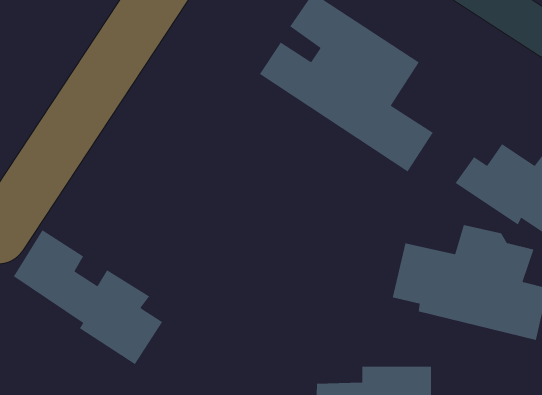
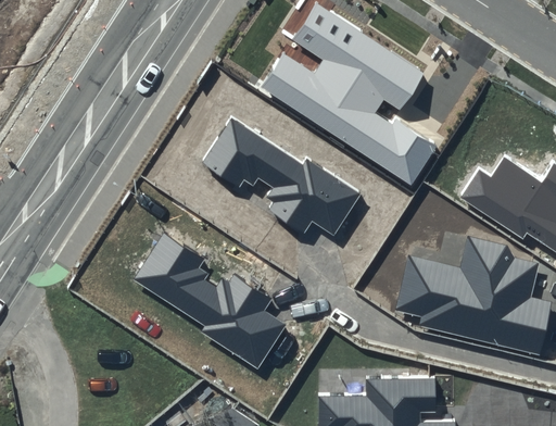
building: none -> [203,118,361,236]
building: [13,229,163,365] -> [135,231,286,368]

